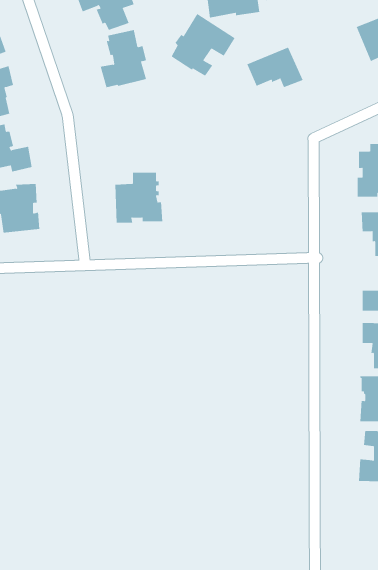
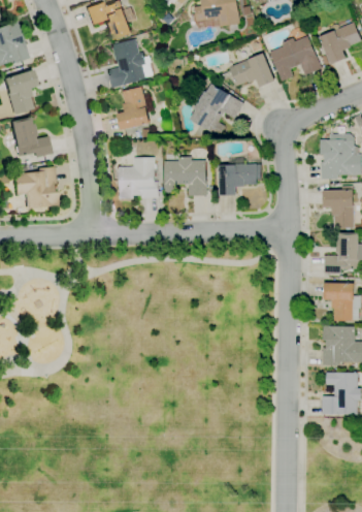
building: [171,13,235,77] -> [192,83,245,135]
building: none -> [271,35,324,81]
building: none -> [119,87,155,130]
building: none -> [166,157,208,195]
building: none -> [221,159,263,195]

